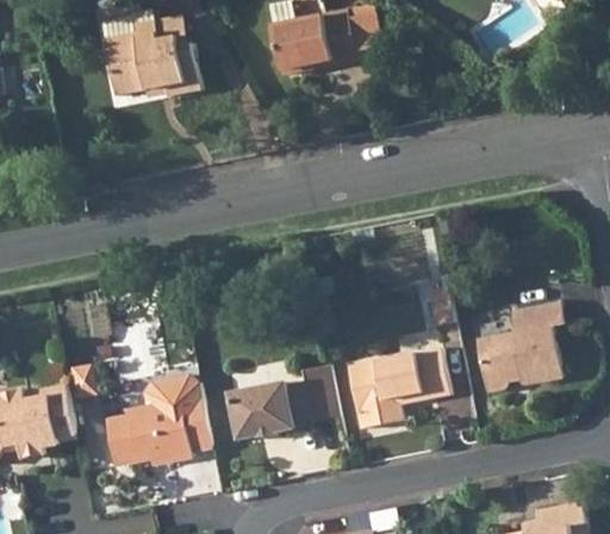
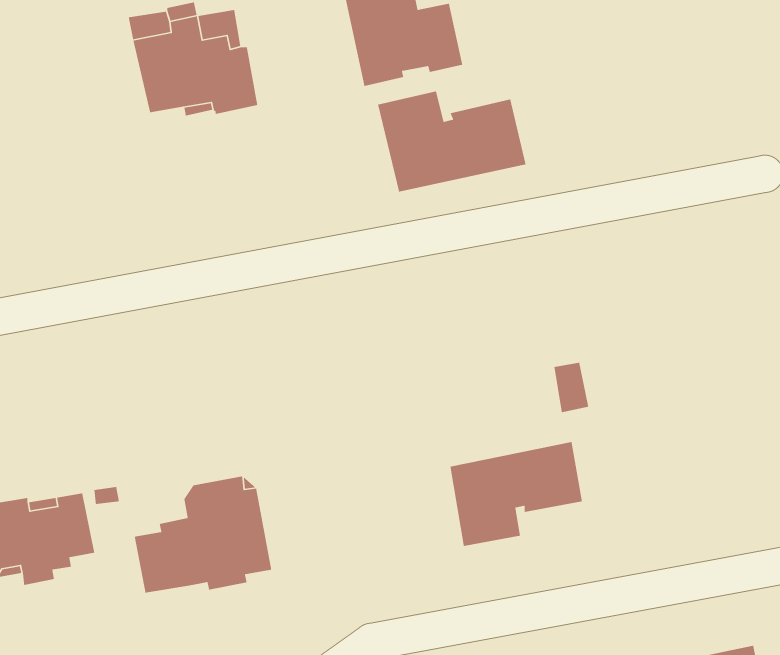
building: none -> [377,91,527,193]
building: [477,303,565,391] -> none
building: [228,365,340,440] -> none

